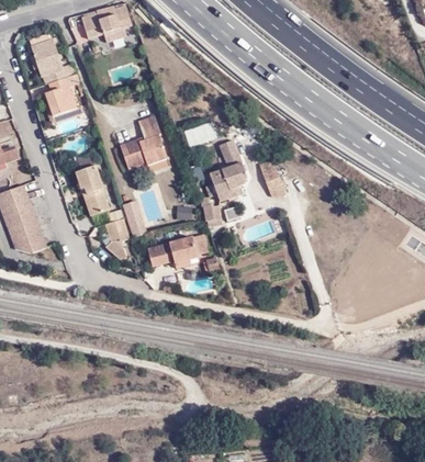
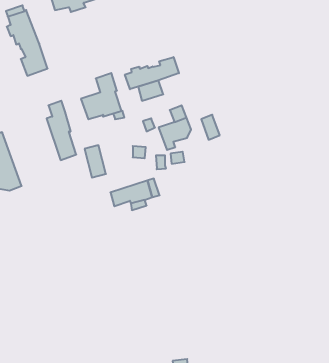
building: none -> [125,57,179,89]
building: [102,212,126,250] -> none

